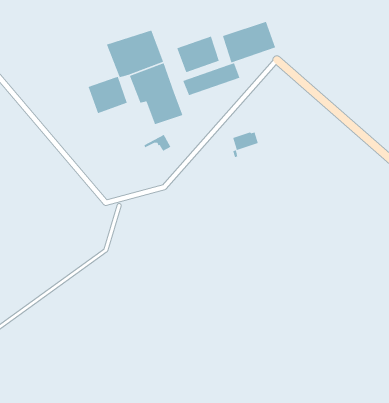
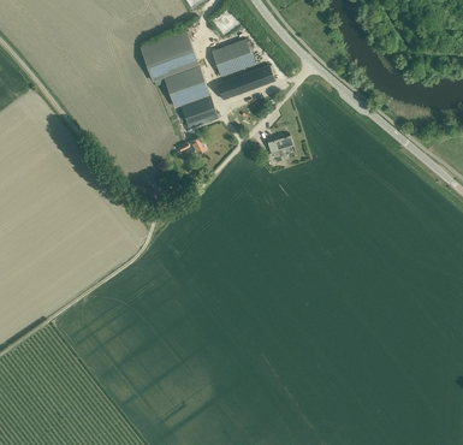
building: [222,21,276,64] -> none
building: [88,76,128,114] -> none

